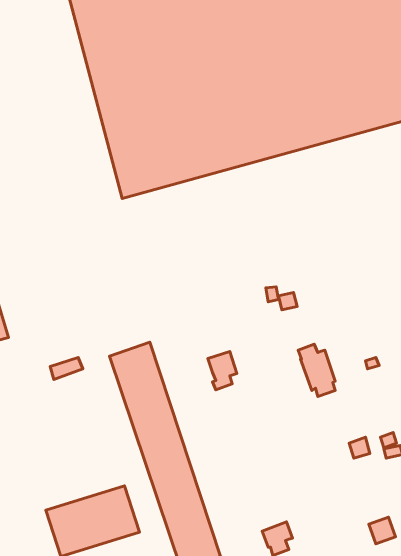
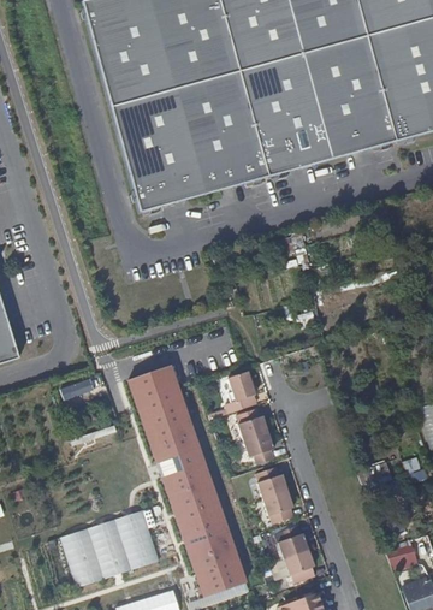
building: [298,344,335,396] -> [237,408,275,462]
building: none -> [256,467,296,521]
building: none -> [278,525,309,557]

